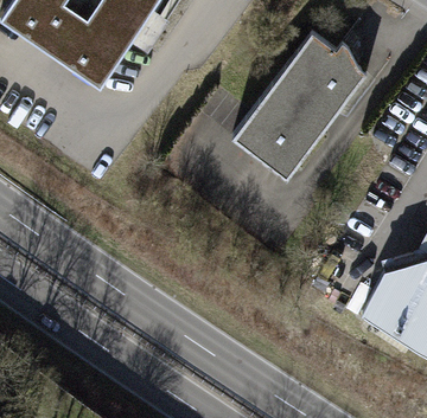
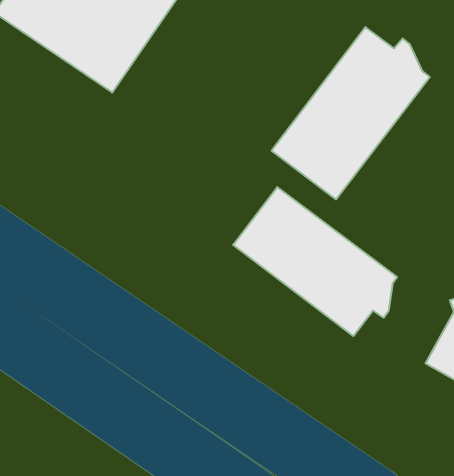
building: none -> [233,187,397,336]

